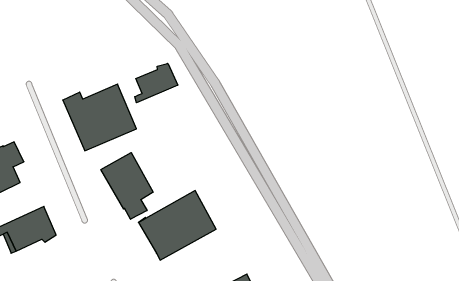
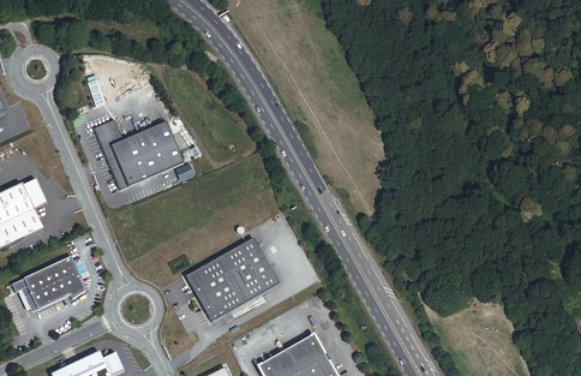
building: [135,63,178,103] -> none
building: [101,153,153,219] -> none

